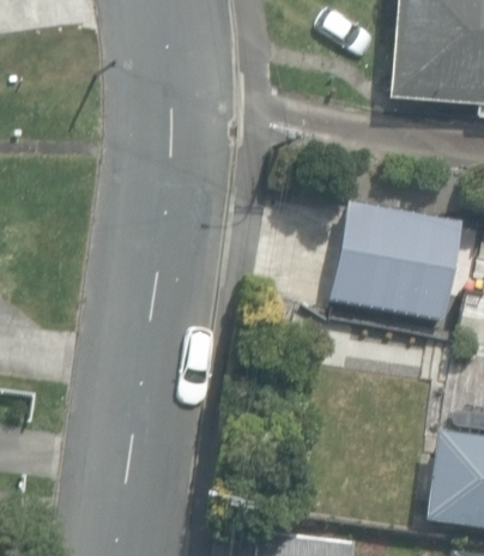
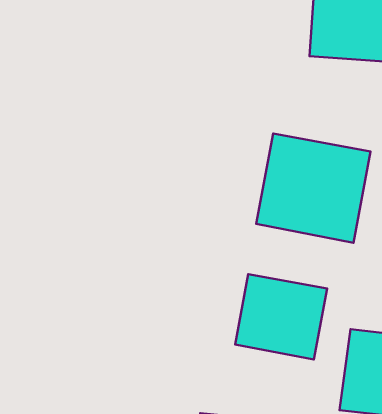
building: none -> [235,274,327,359]

